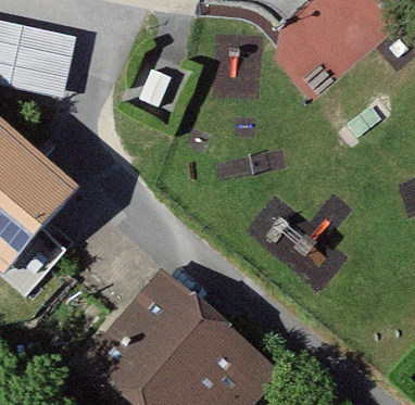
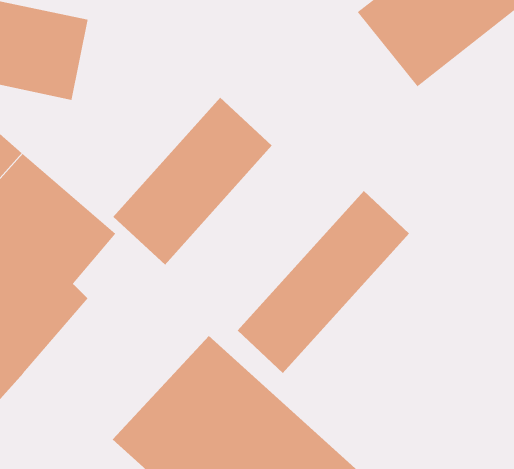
building: none -> [113,97,273,265]
building: none -> [237,190,410,374]

